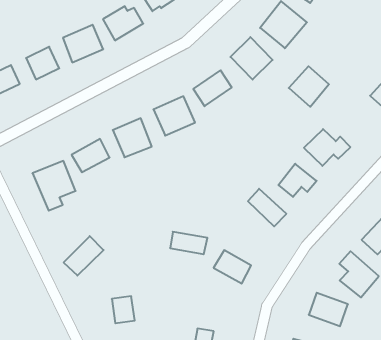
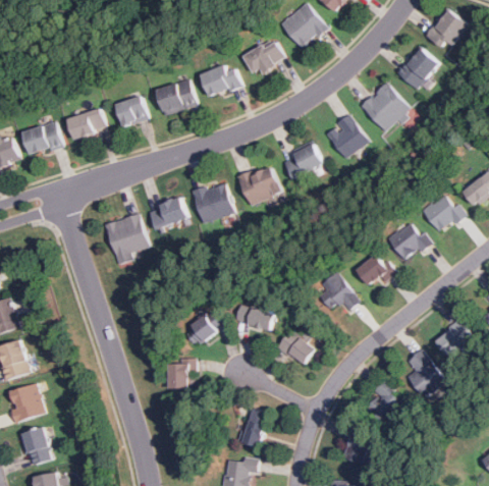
building: [289,66,329,107] -> [422,193,464,234]
building: [64,236,104,276] -> [183,308,226,346]

